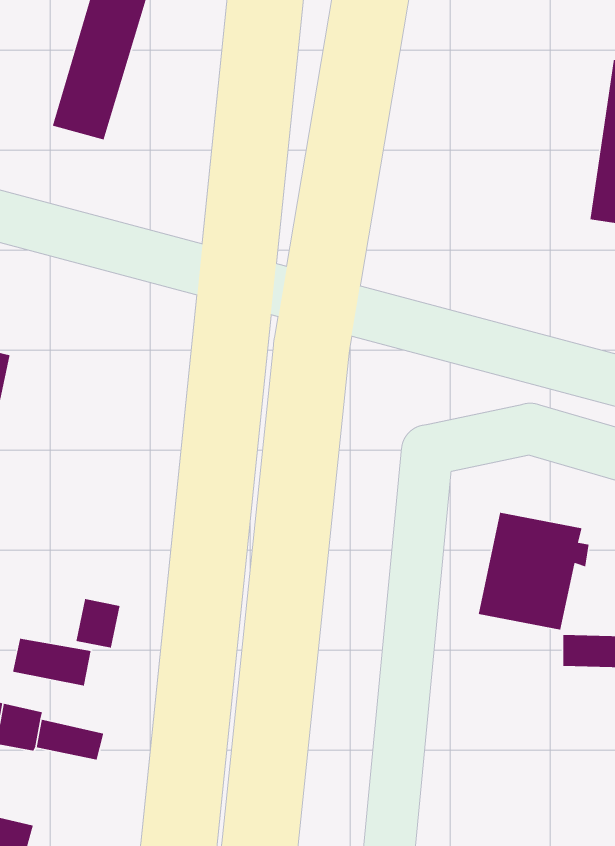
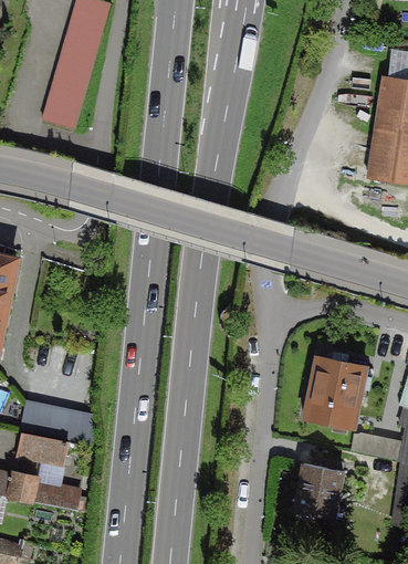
building: none -> [20,401,62,436]
building: none -> [294,463,344,520]

